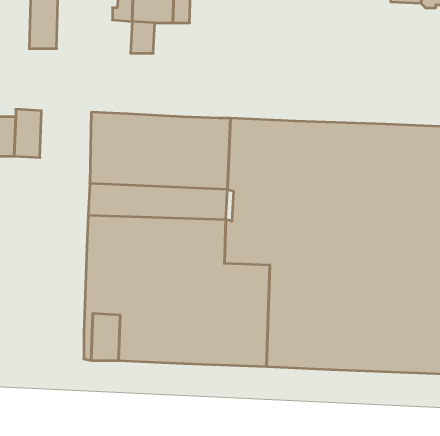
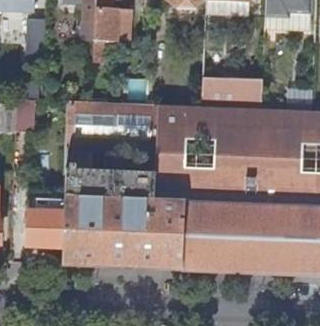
building: none -> [202,77,263,108]
building: none -> [28,187,64,246]

